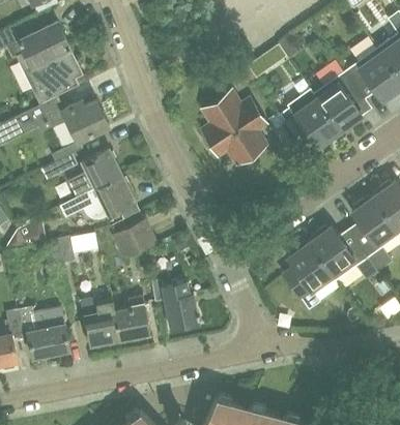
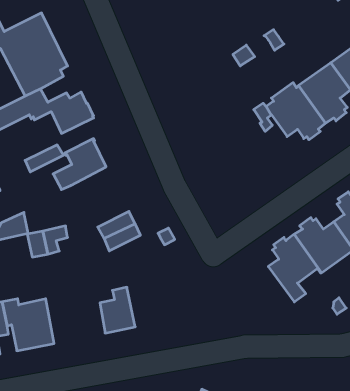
building: [202,92,265,163] -> none
building: [60,175,140,219] -> none
building: [152,278,199,330] -> none
building: [80,297,120,346] -> none

